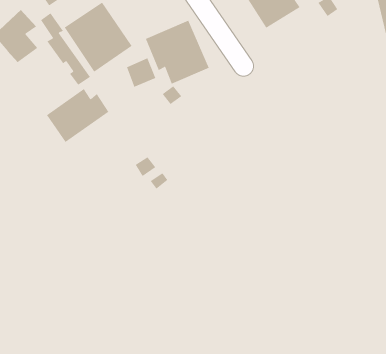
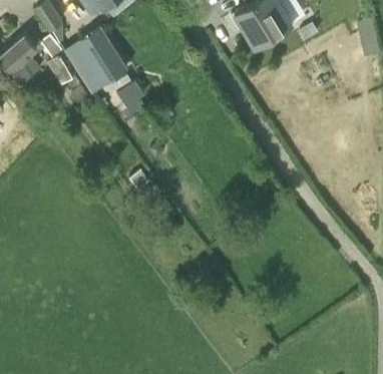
building: [145,20,209,84] -> none
building: [46,88,109,143] -> none

